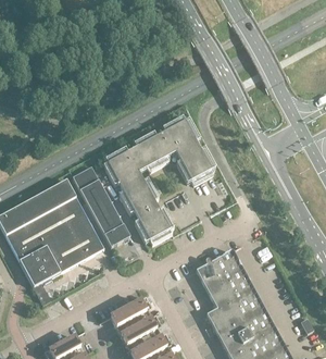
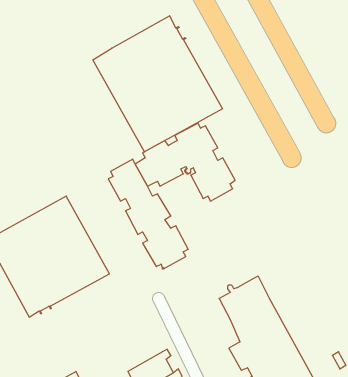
building: none -> [93,16,222,152]
building: [73,165,129,246] -> none
building: [110,296,151,334] -> none

